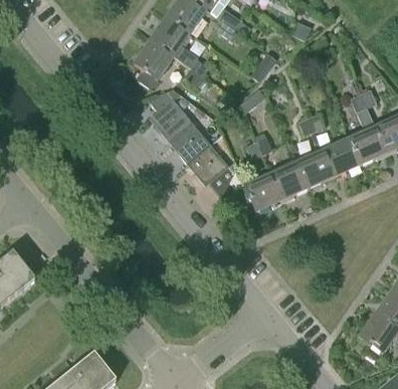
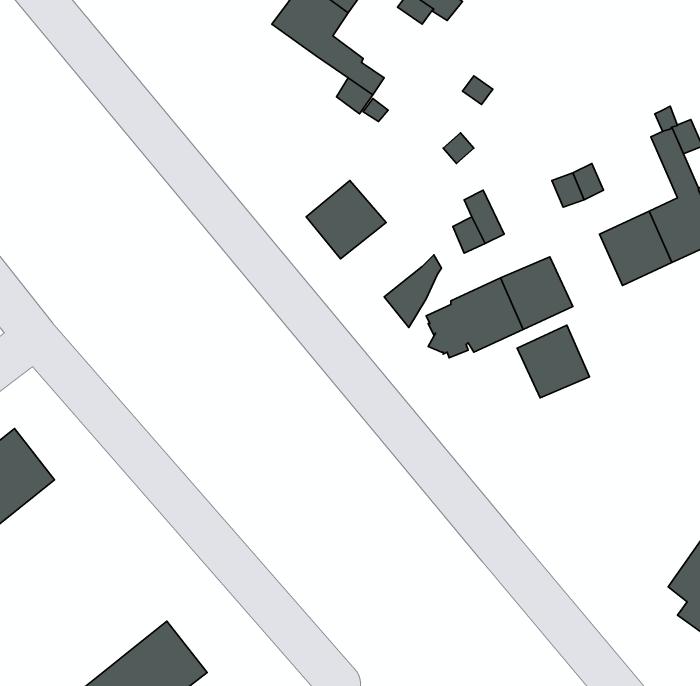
building: [134,38,174,88] -> none
building: [149,90,191,140] -> none
building: [186,143,229,185] -> none
building: [296,149,335,187] -> [517,325,590,398]

